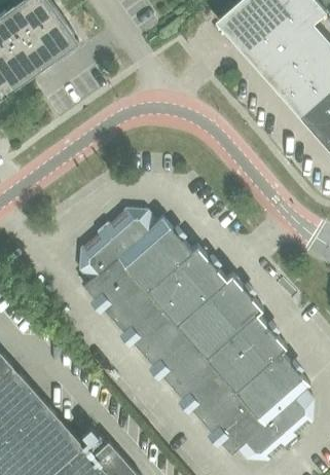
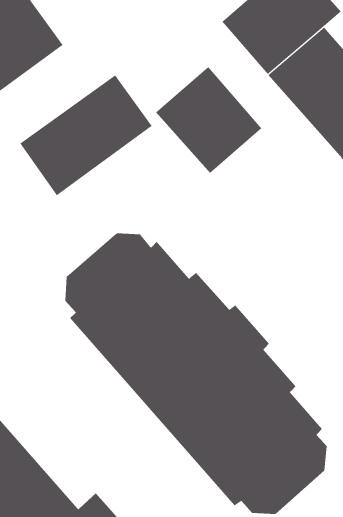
building: none -> [155,66,262,174]
building: none -> [20,74,153,196]

